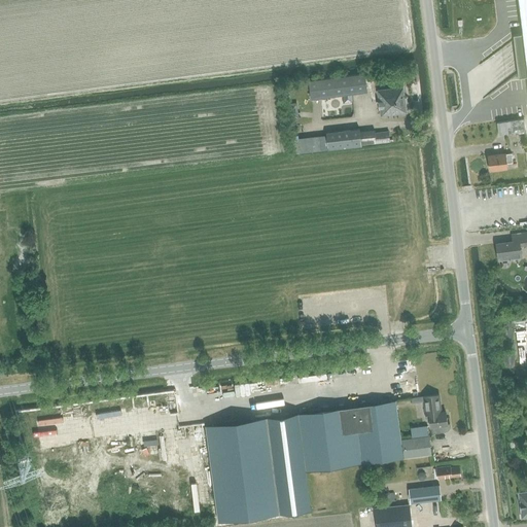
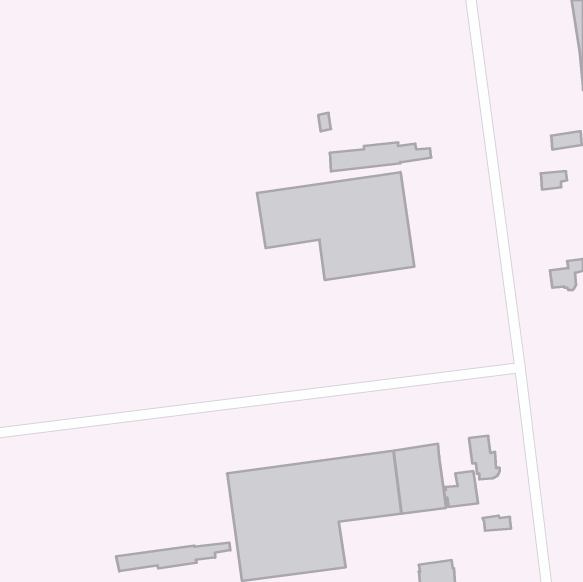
building: [309,76,367,102] -> none
building: [377,89,406,117] -> none
building: none -> [257,172,414,280]
building: [408,486,443,505] -> none
building: none -> [116,543,230,571]

